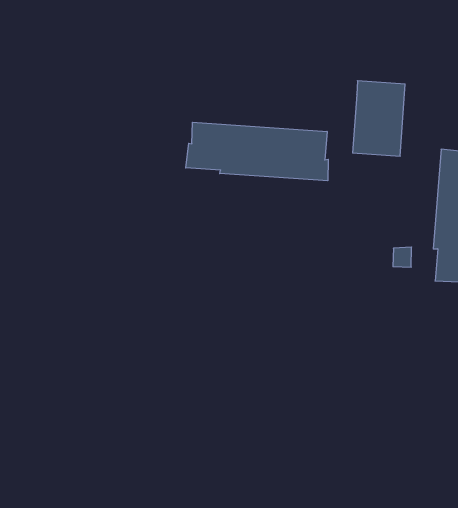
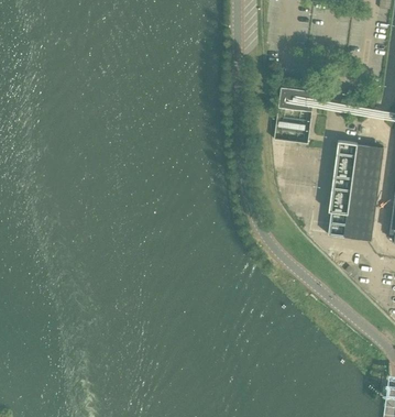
building: [186,122,328,181] -> none

